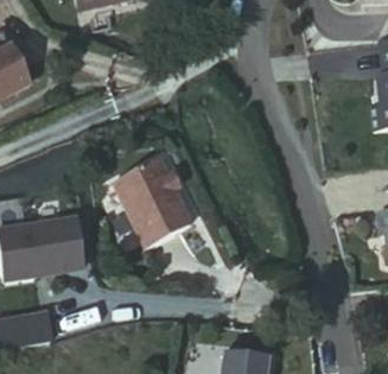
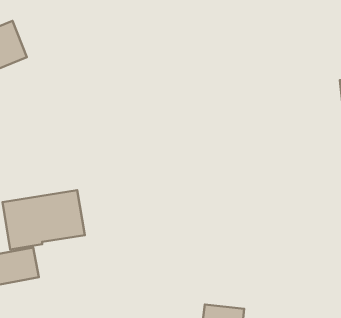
building: [116,161,193,248] -> none

